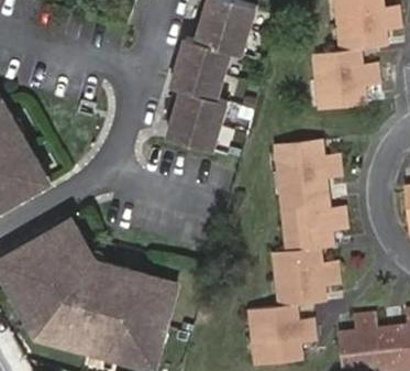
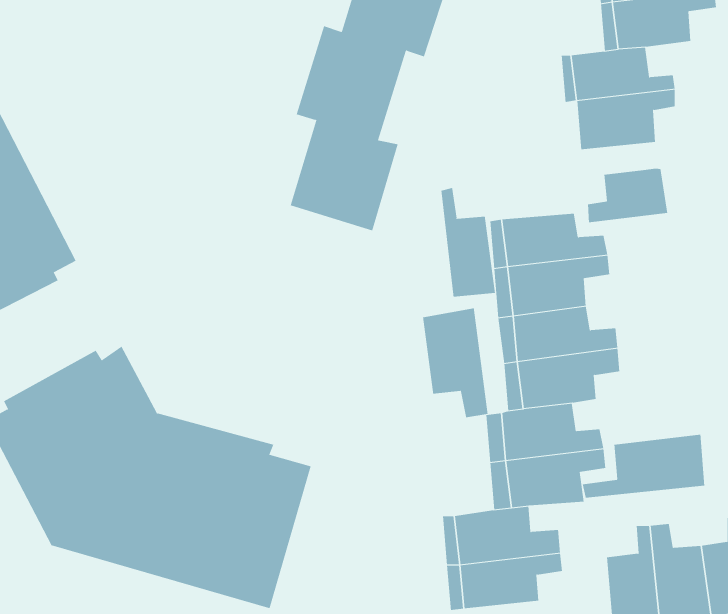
building: none -> [588,168,668,223]
building: none -> [441,187,496,297]
building: none -> [423,308,488,418]
building: none -> [582,434,705,498]

